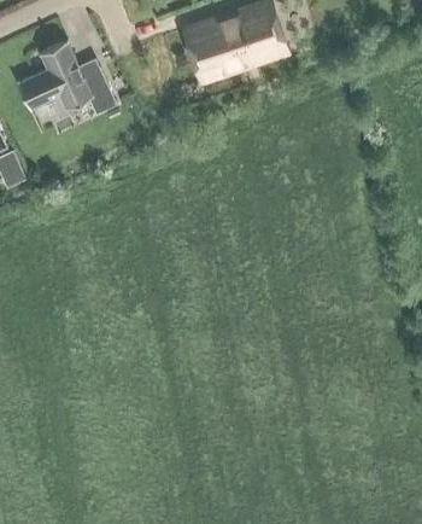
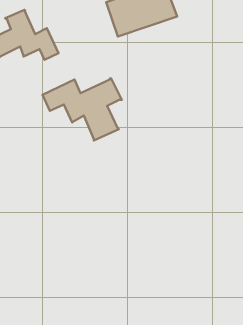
building: none -> [42,78,122,141]

